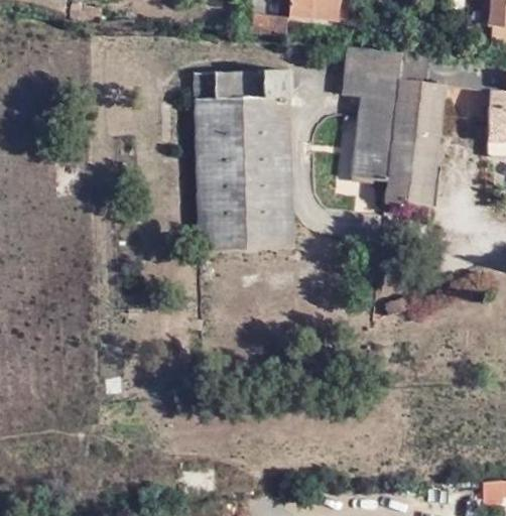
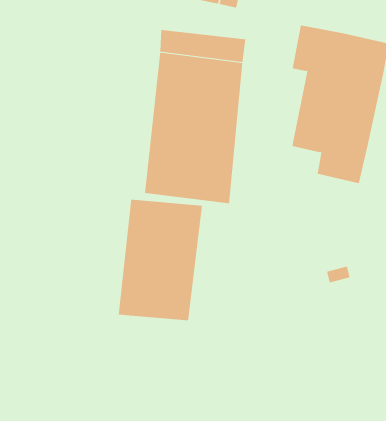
building: none -> [118,199,202,321]

